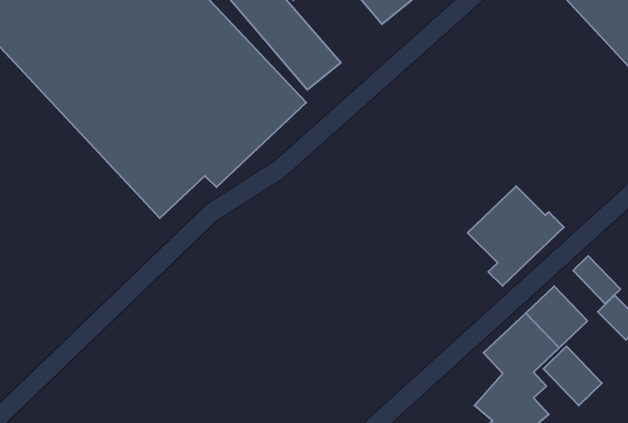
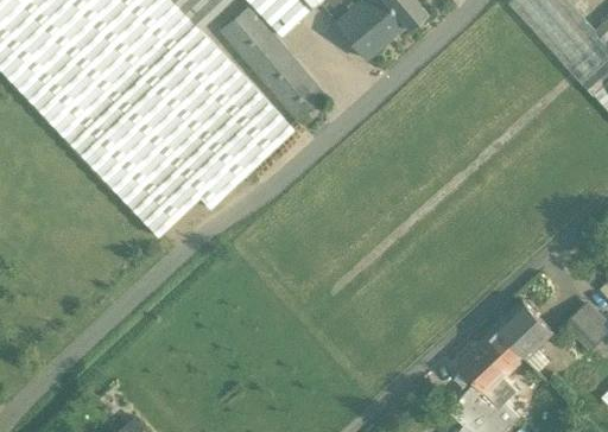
building: [468,186,564,286] -> none
building: [573,256,620,304] -> none
building: [543,346,602,406] -> none

